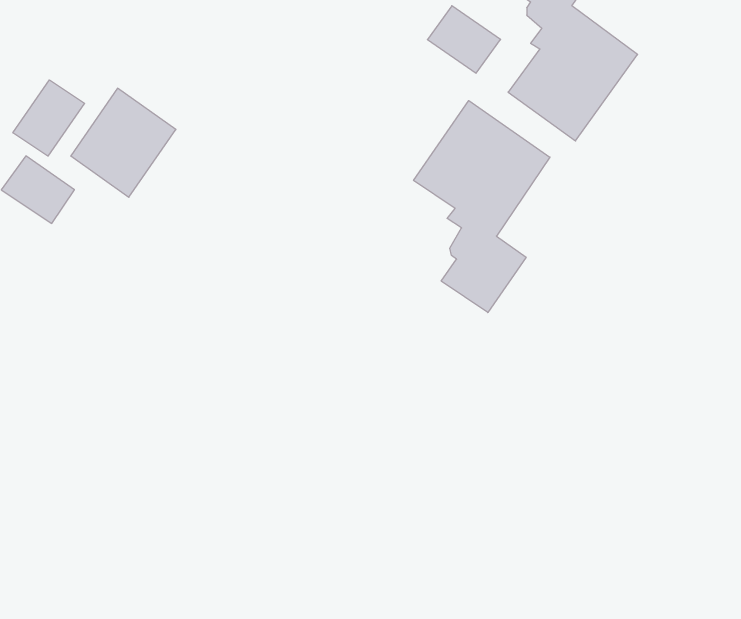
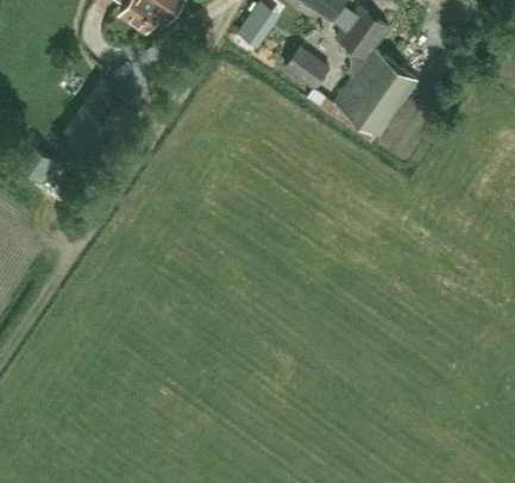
building: [13,80,85,156] -> none
building: [414,101,550,313] -> none

